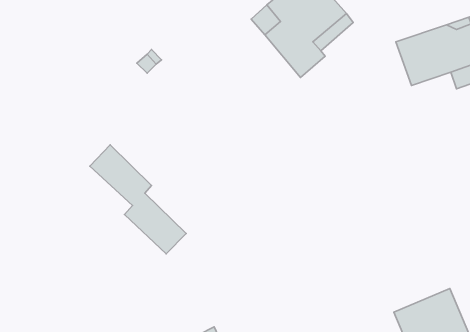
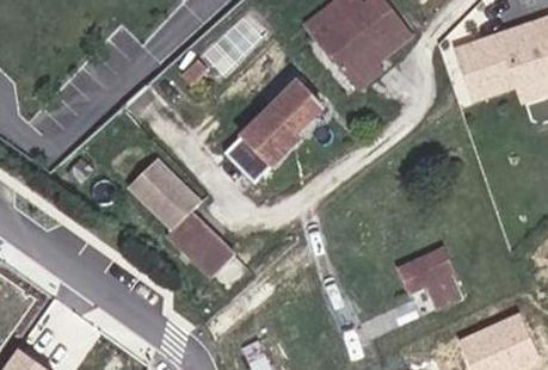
building: none -> [224,82,322,184]
building: none -> [400,251,451,292]

